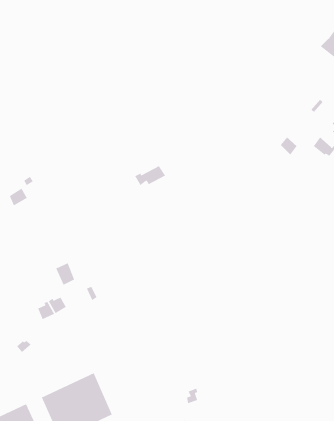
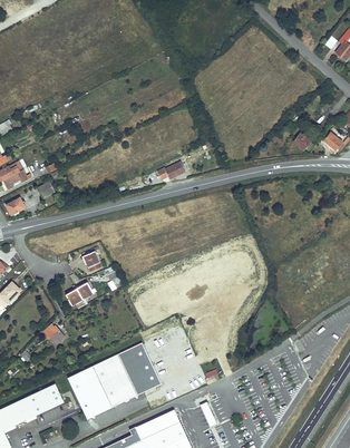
building: none -> [119,344,161,395]

